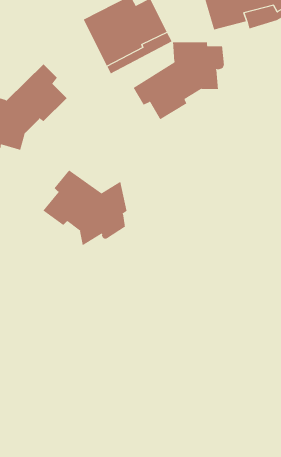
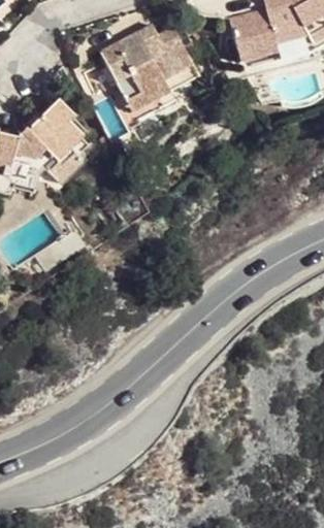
building: [133,41,224,120] -> none
building: [43,170,127,246] -> none

